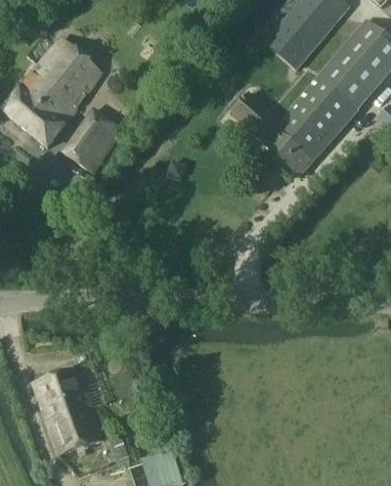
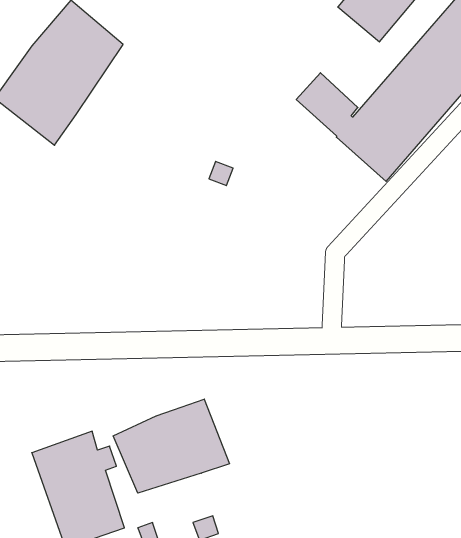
building: [62,108,121,172] -> none
building: none -> [113,399,229,493]

